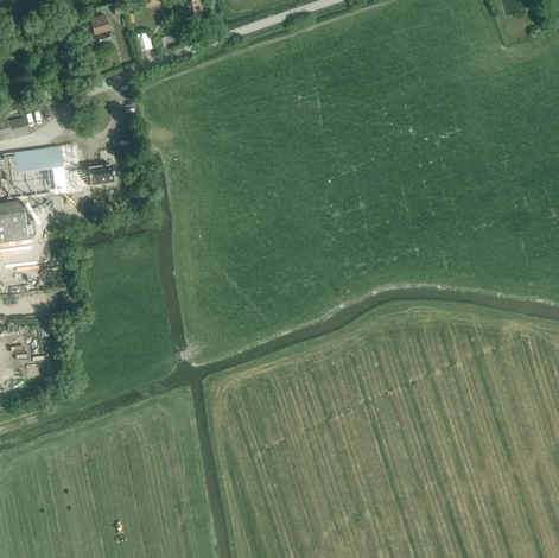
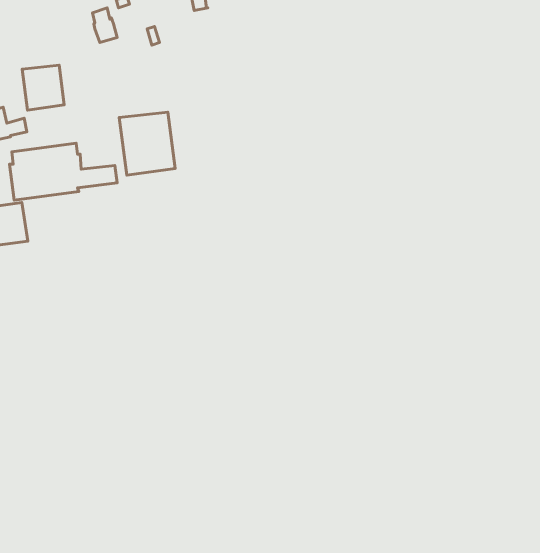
building: none -> [22,65,64,110]
building: none -> [119,112,175,175]

